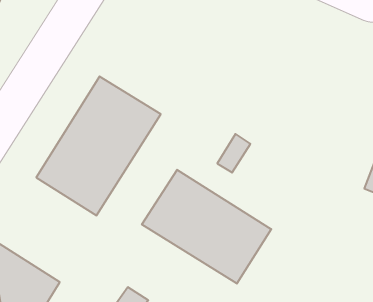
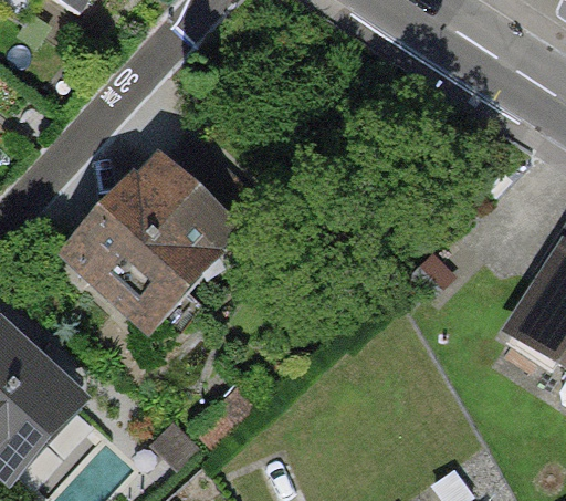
building: [142,170,271,284] -> none

